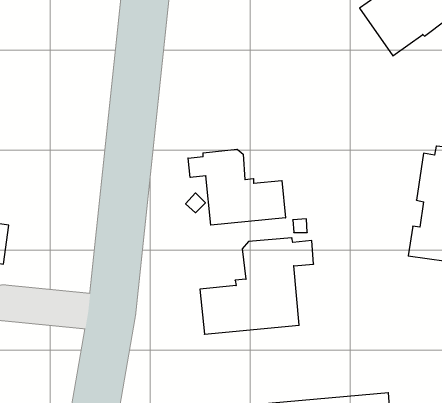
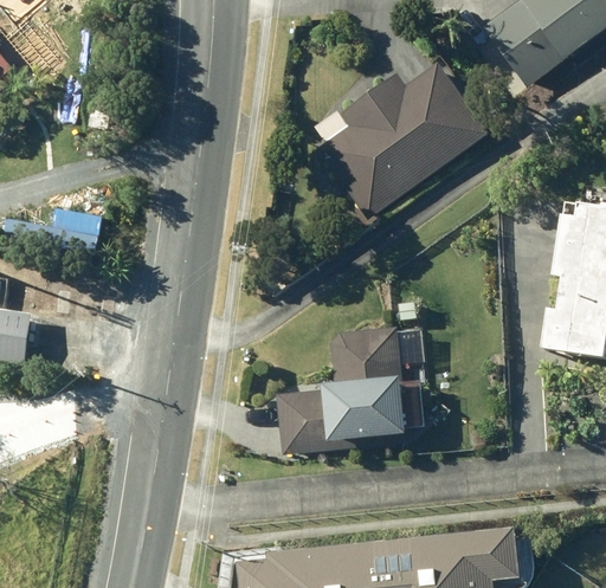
building: none -> [321,62,491,217]
building: [188,149,285,225] -> none

